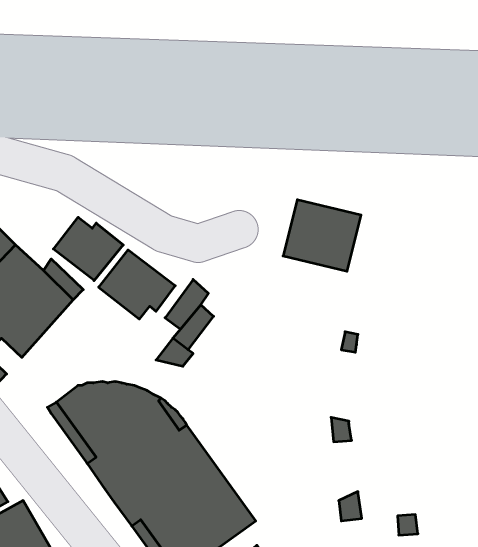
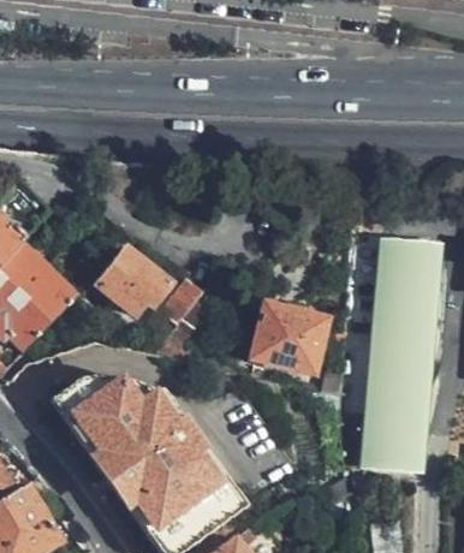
building: [283,200,361,271] -> [252,304,326,371]
building: [53,217,123,281] -> none
building: none -> [363,242,436,465]

